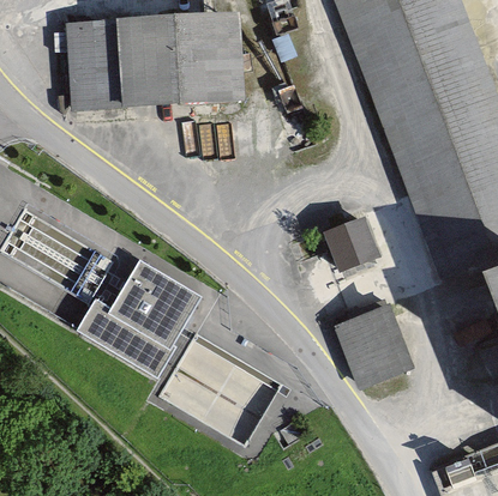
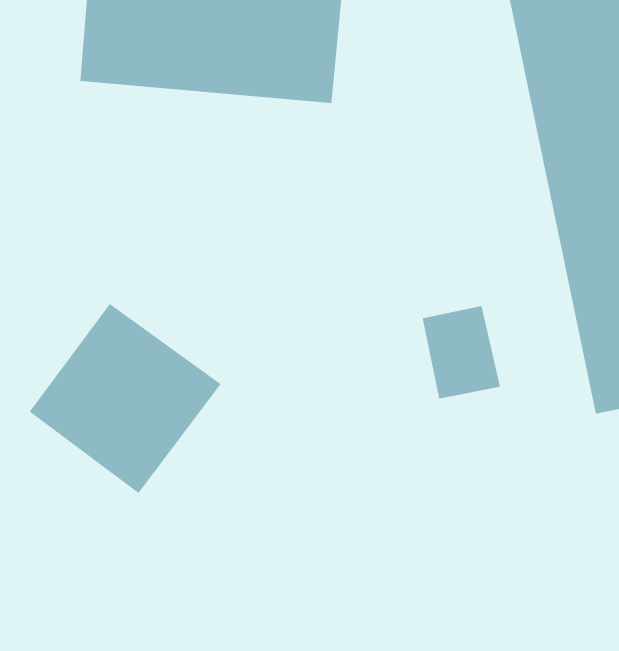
building: [342,302,419,389] -> none
building: [163,345,270,441] -> none

